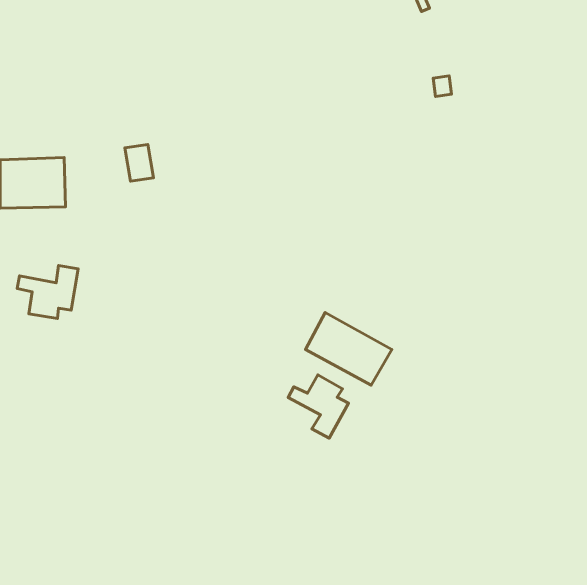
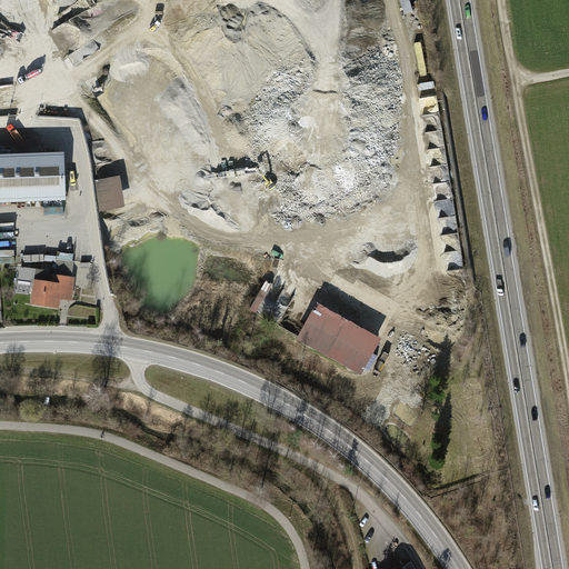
building: [125,145,154,181] -> [94,176,122,211]
building: [288,375,348,438] -> none

